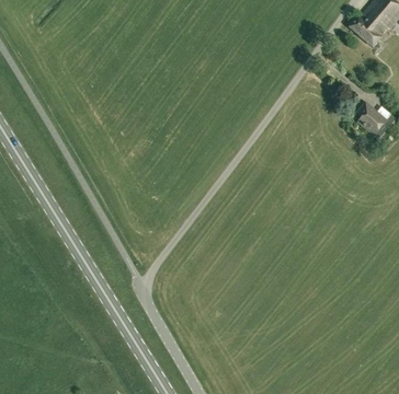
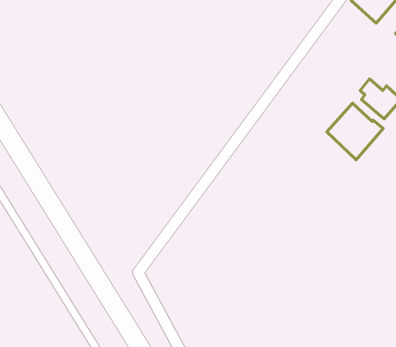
building: none -> [327,103,383,160]

